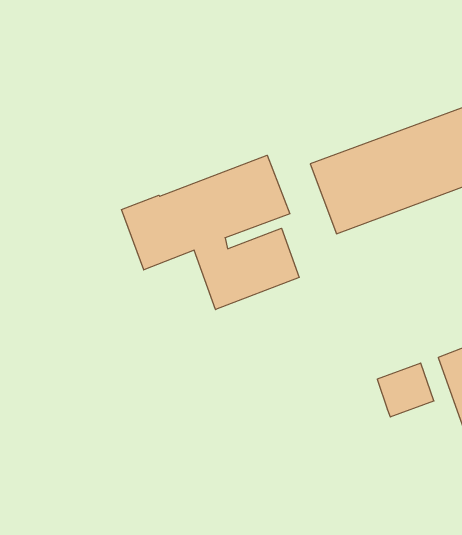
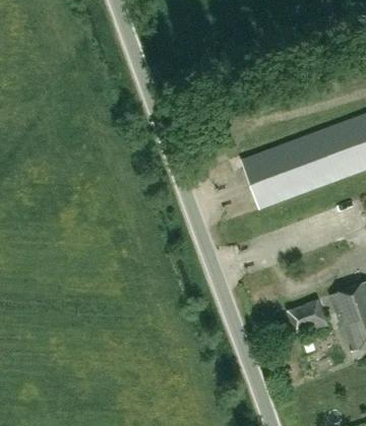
building: [121,155,299,310] -> none

